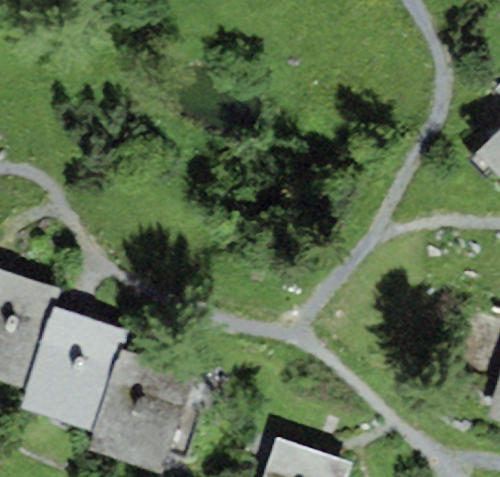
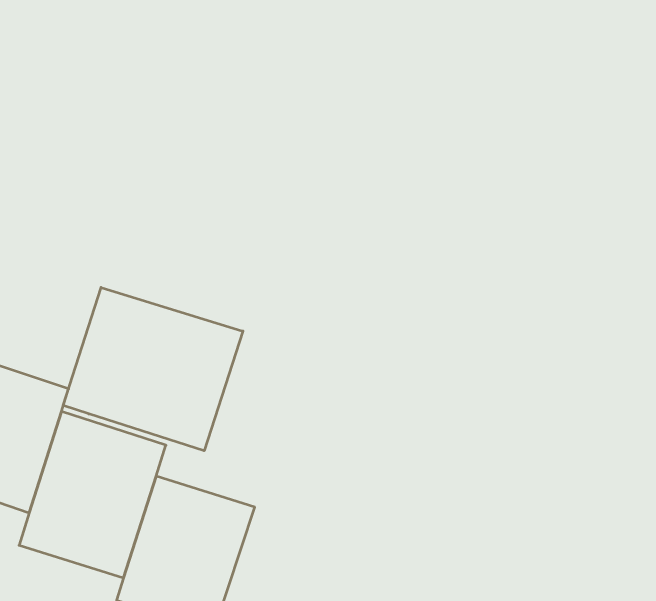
building: none -> [63,287,243,451]

